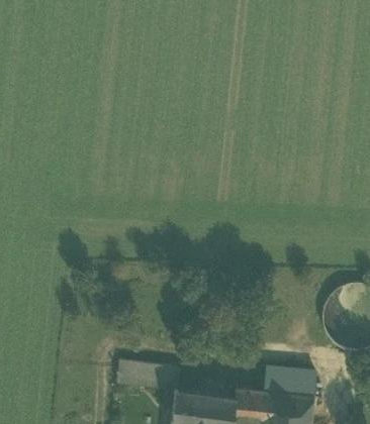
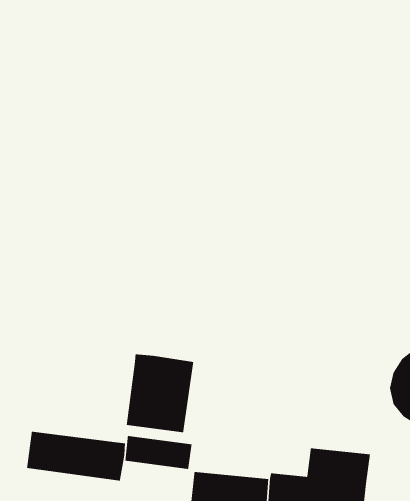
building: none -> [126,354,194,433]
building: none -> [26,431,126,482]

